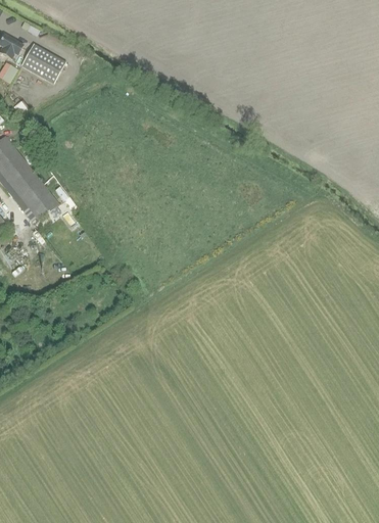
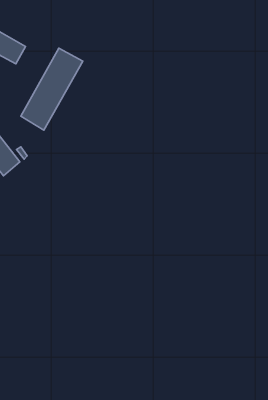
building: none -> [21,48,83,130]

